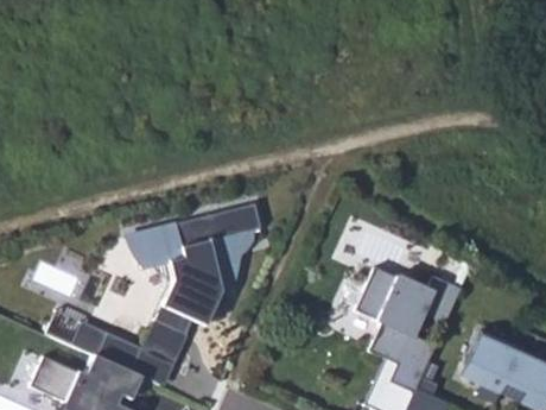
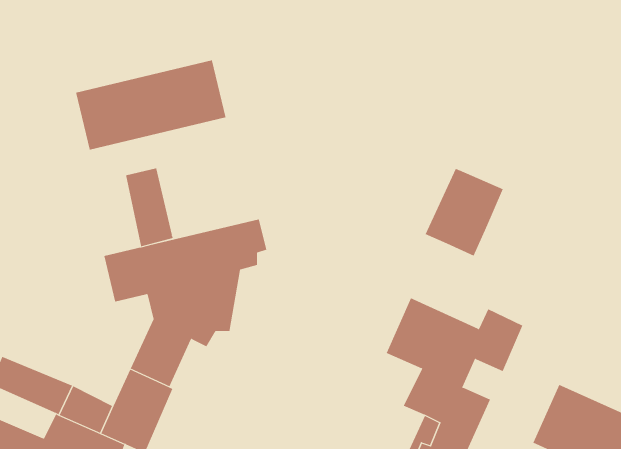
building: none -> [76,60,226,150]
building: none -> [126,167,173,247]
building: none -> [425,168,504,256]

